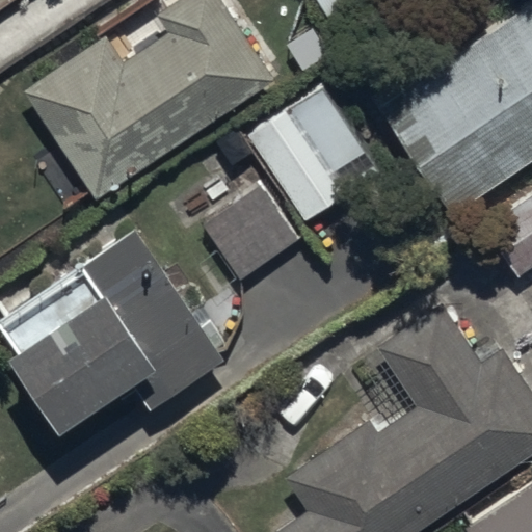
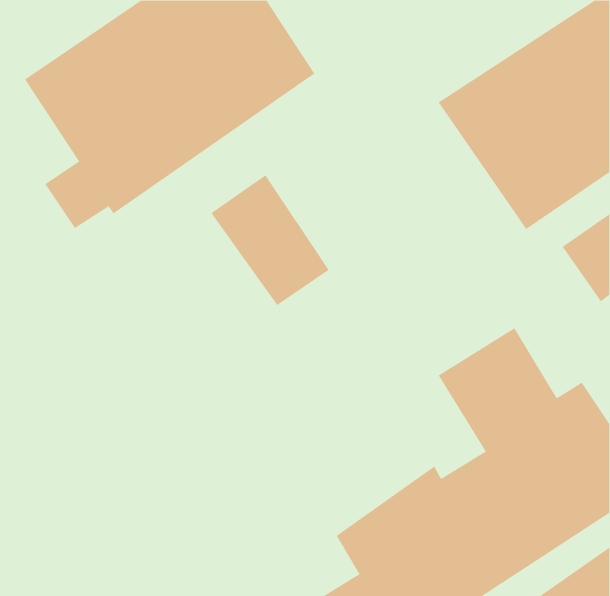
building: [249,88,380,223] -> none
building: [17,228,224,415] -> none

